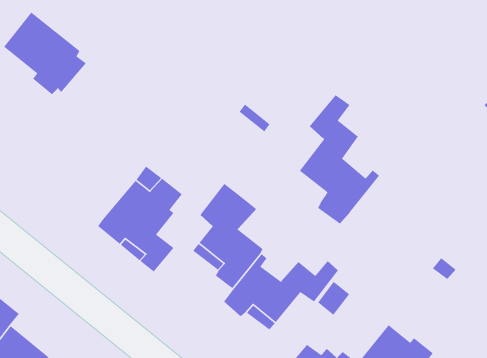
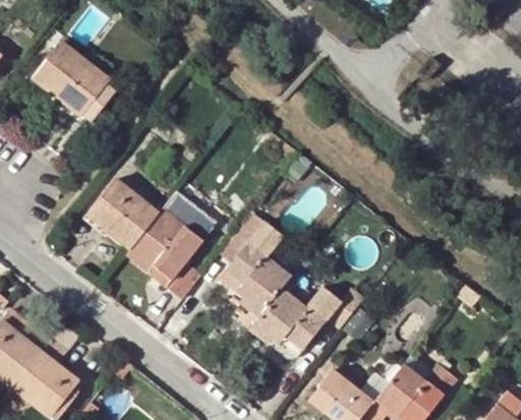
building: [299,94,380,225] -> none
building: none -> [89,179,160,246]

